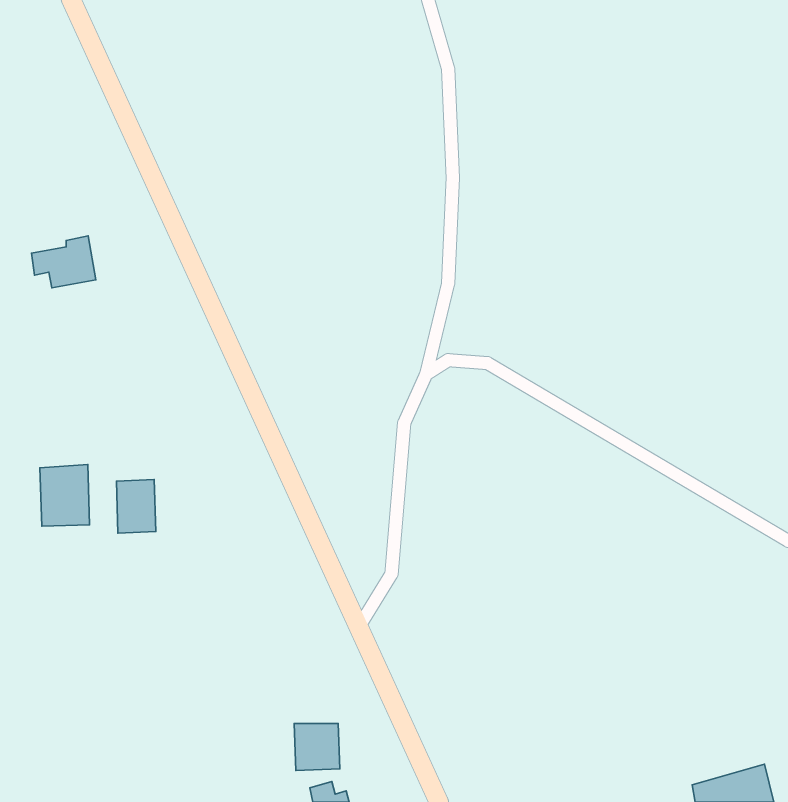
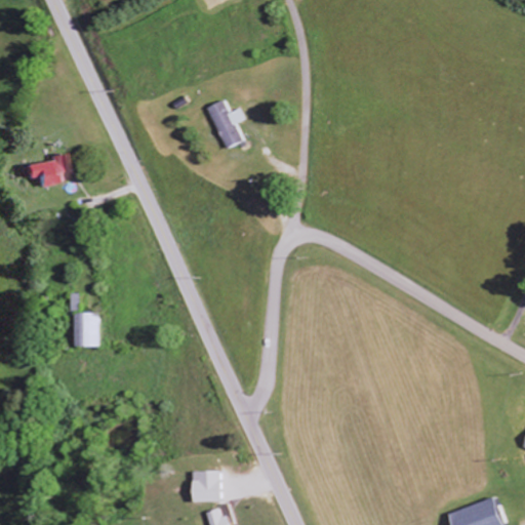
building: none -> [206,102,241,150]
building: [40,465,89,526] -> none

